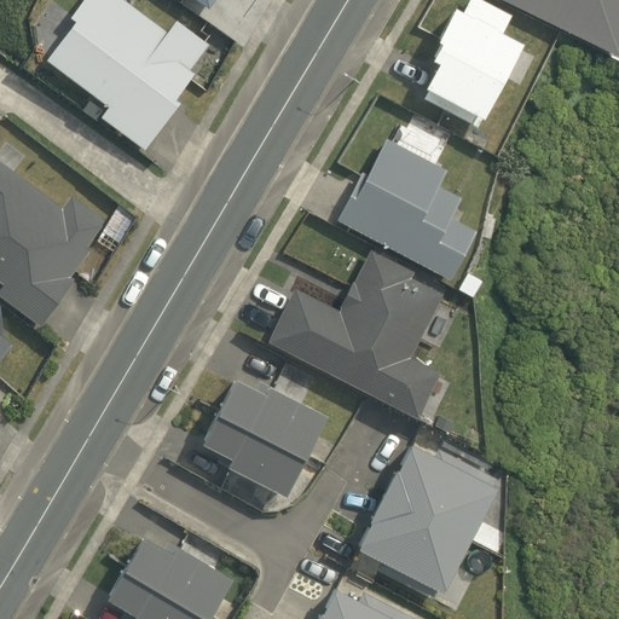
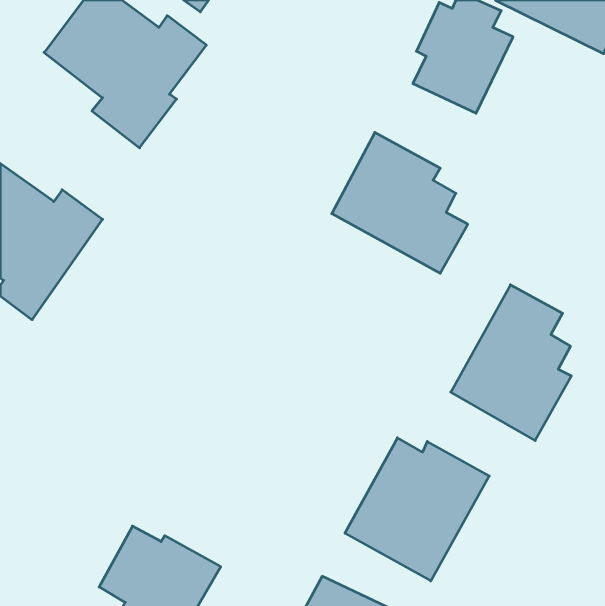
building: [271,250,444,415] -> none
building: none -> [451,285,571,441]
building: [199,376,323,494] -> none

